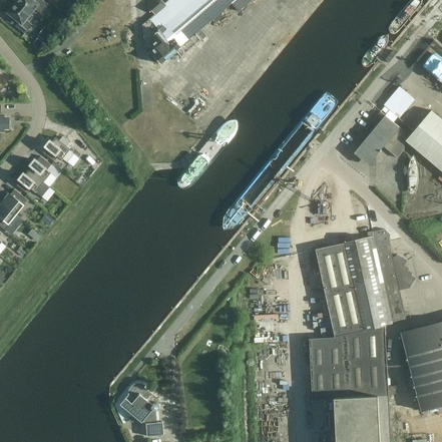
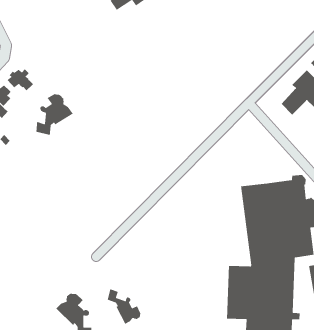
building: none -> [36,93,74,136]
building: none -> [107,288,141,325]

